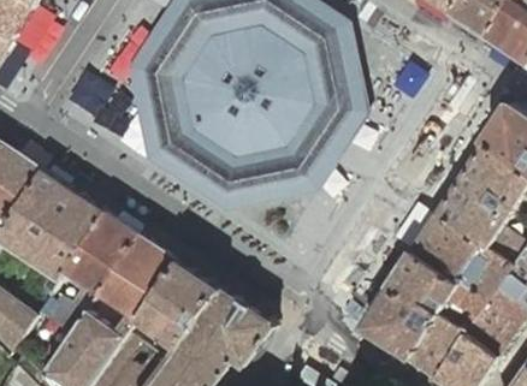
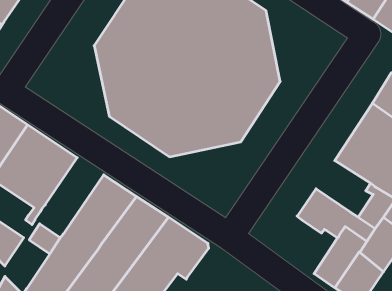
building: [60,210,140,292] -> none
building: [411,214,485,286] -> none
building: [361,285,439,358] -> none

